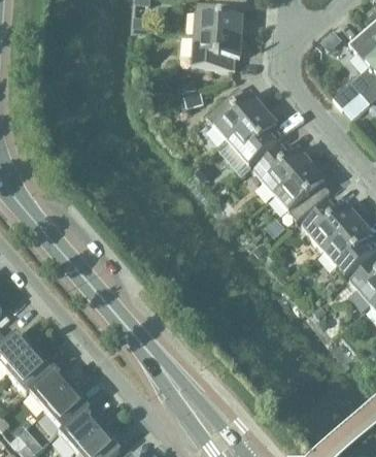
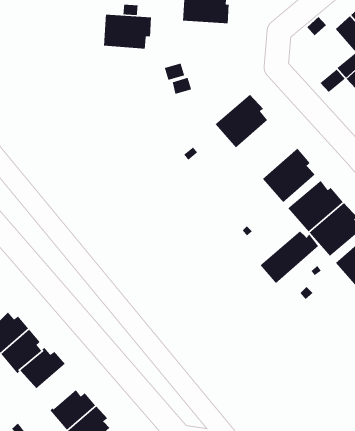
building: [192,34,241,70] -> [103,14,152,49]
building: [206,86,263,139] -> none
building: [253,141,311,195] -> none
building: none -> [260,231,319,284]
building: [45,384,90,429] -> none

